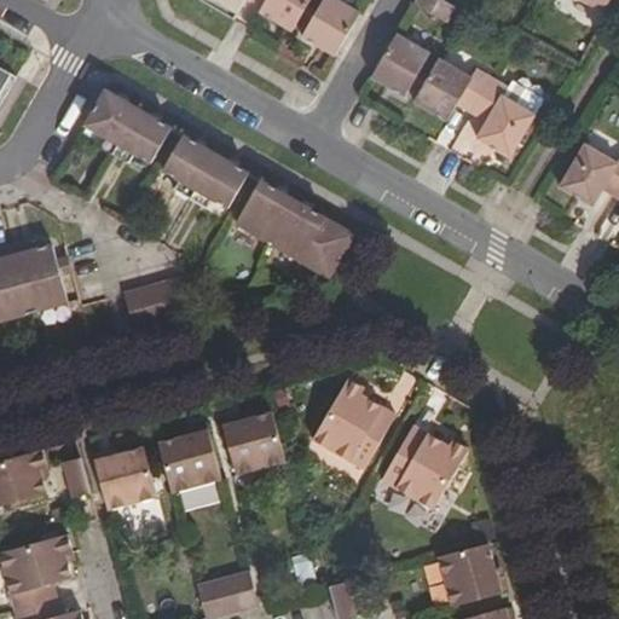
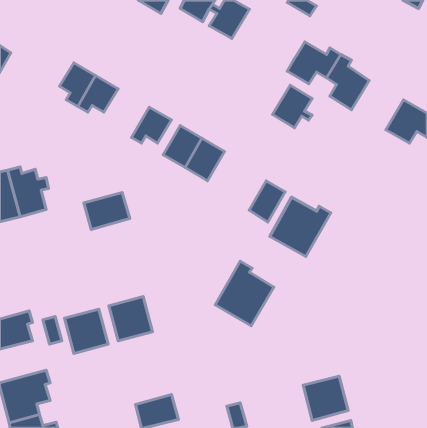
building: [372,35,429,97] -> [273,85,312,128]
building: [163,135,215,198] -> none
building: [300,219,352,278] -> [249,181,285,222]
building: [221,411,285,475] -> none
building: [381,424,469,510] -> [270,197,331,257]

